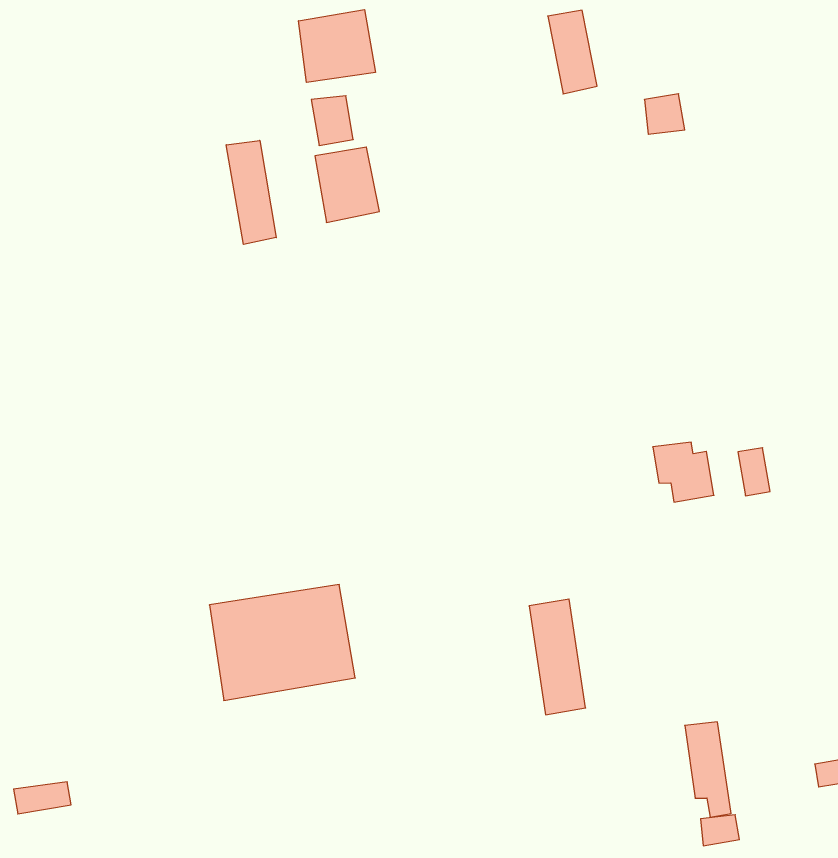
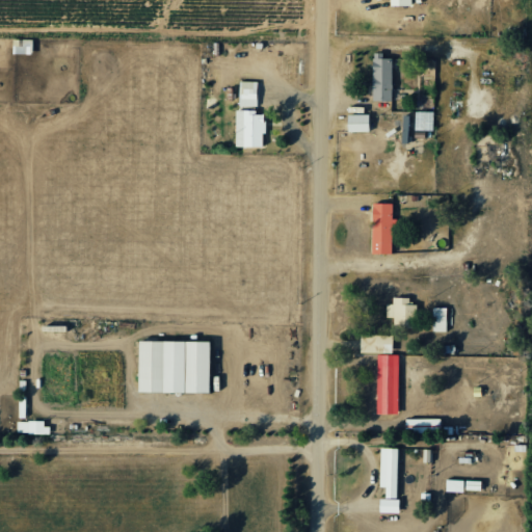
building: [299,10,375,82] -> none
building: none -> [347,114,370,132]
building: [226,140,276,244] -> none
building: none -> [372,203,392,254]
building: [529,599,586,715] -> [376,354,399,414]

